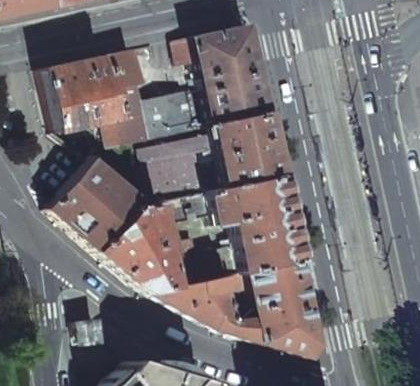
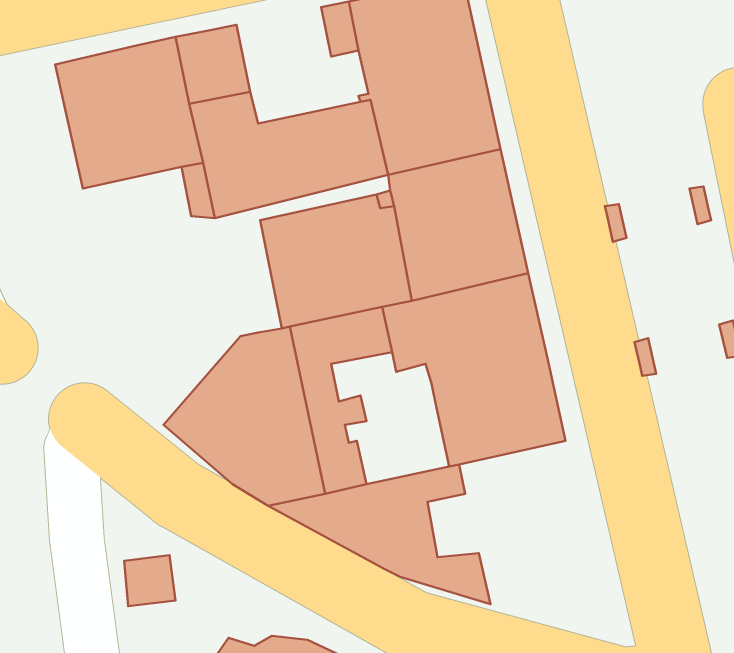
building: [47,160,144,252] -> none
building: [194,241,241,282] -> none
building: [246,260,319,358] -> none

